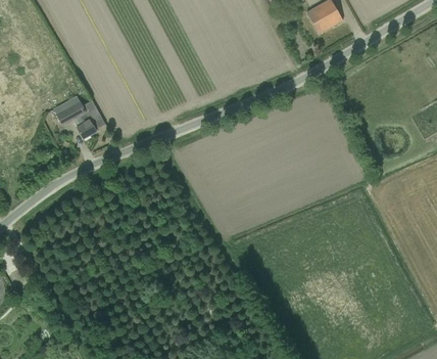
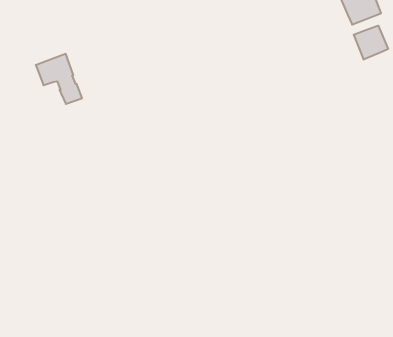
building: none -> [354,26,388,60]

